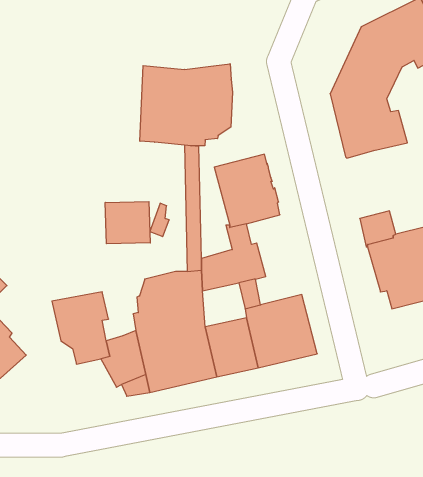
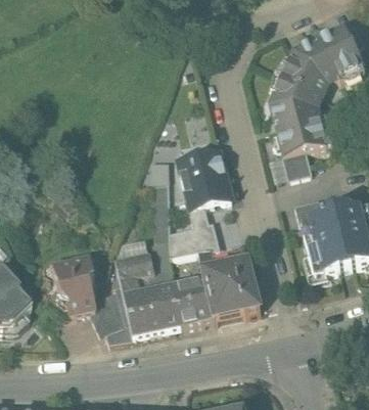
building: [140,64,233,146] -> none
building: none -> [281,146,312,176]
building: [105,202,150,244] -> none

